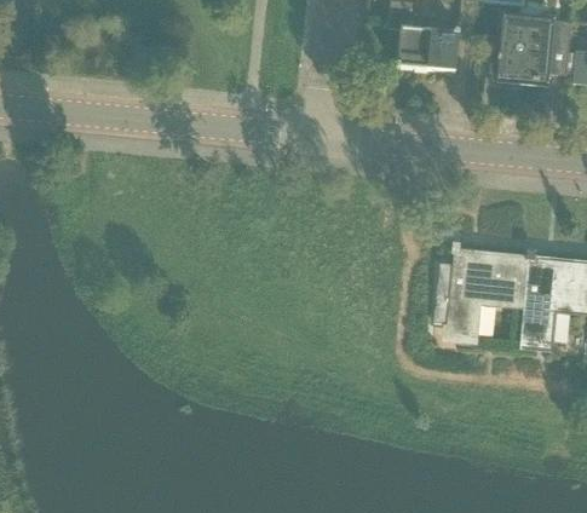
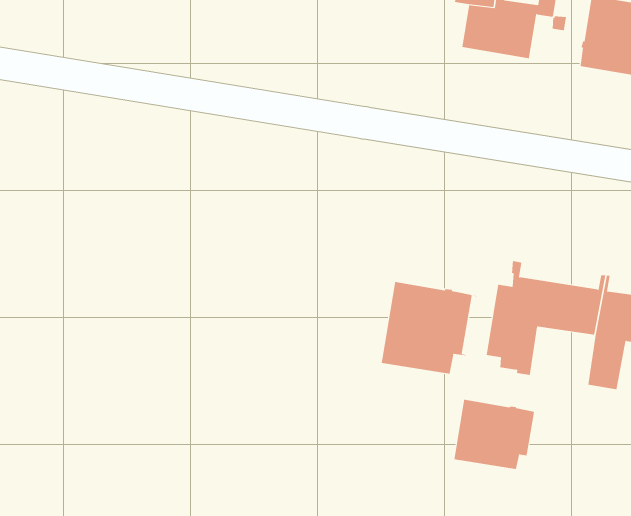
building: none -> [381,281,477,375]
building: none -> [454,399,539,470]

